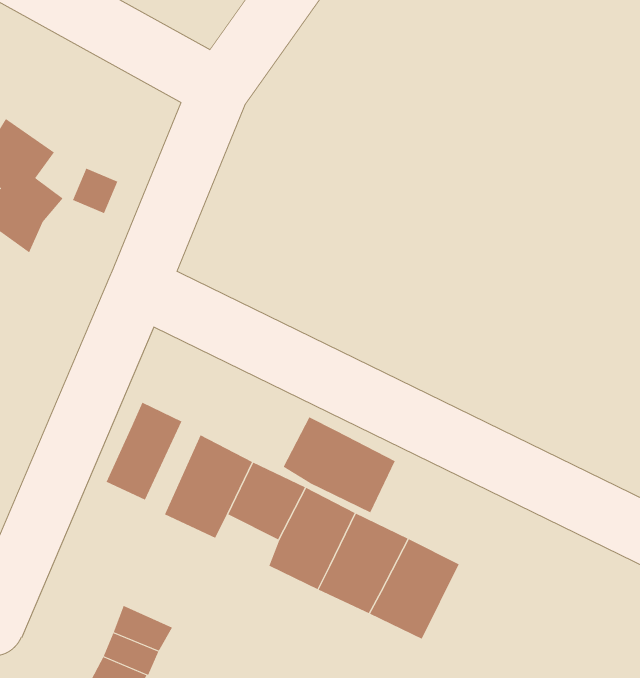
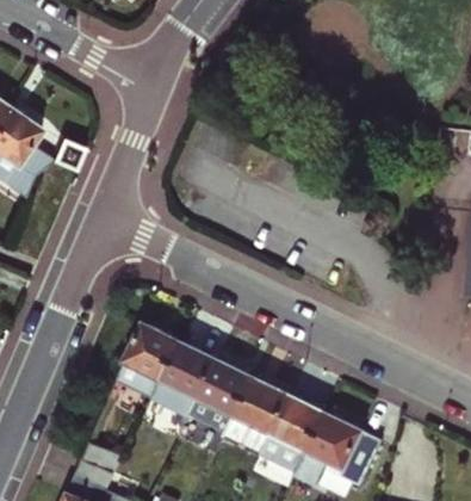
building: [106,402,182,501] -> none
building: [283,417,396,513] -> none
building: none -> [298,414,384,487]

